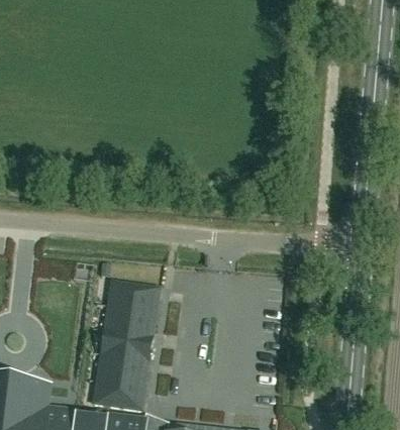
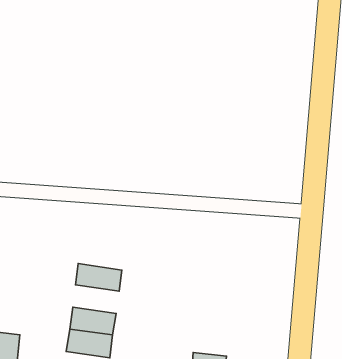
building: [108,280,159,312] -> none
building: [102,328,153,359] -> none

